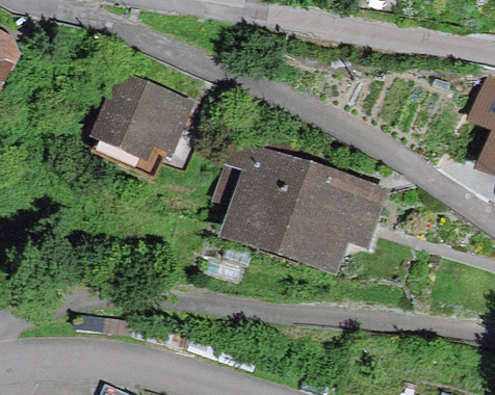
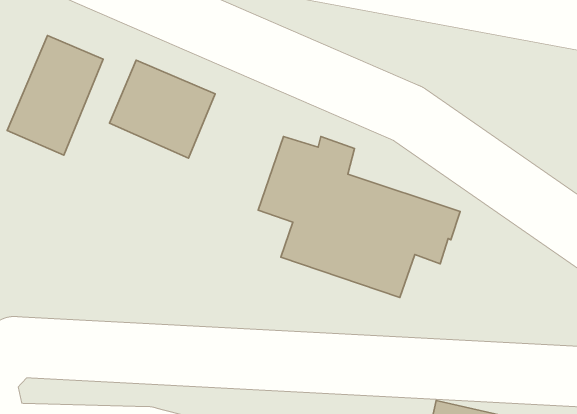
building: none -> [7,35,103,155]

